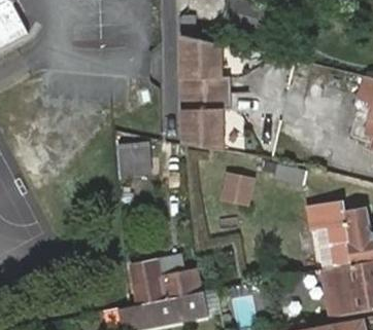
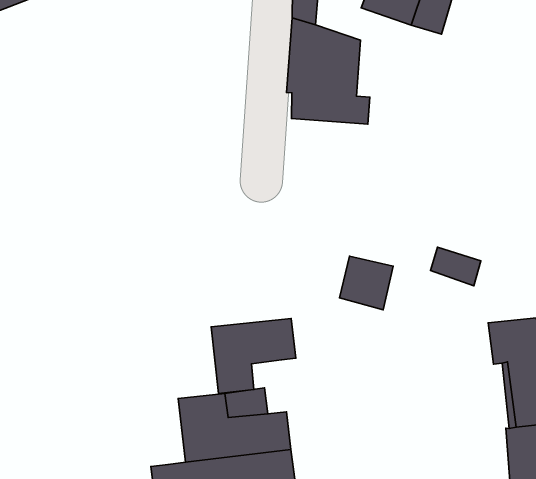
building: [181,93,232,151] -> none
building: [118,142,149,173] -> none
building: none -> [211,319,296,394]

